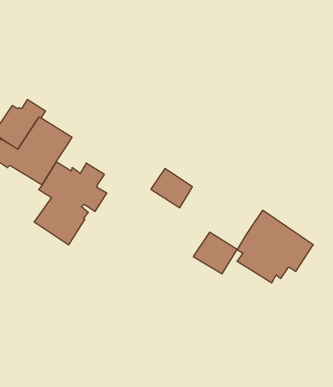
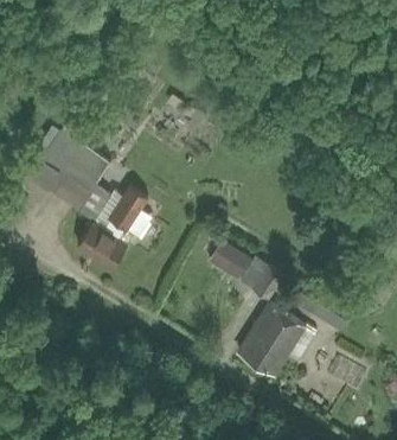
building: [151,169,192,208] -> [207,241,250,281]
building: [237,210,313,283] -> [237,300,315,375]

